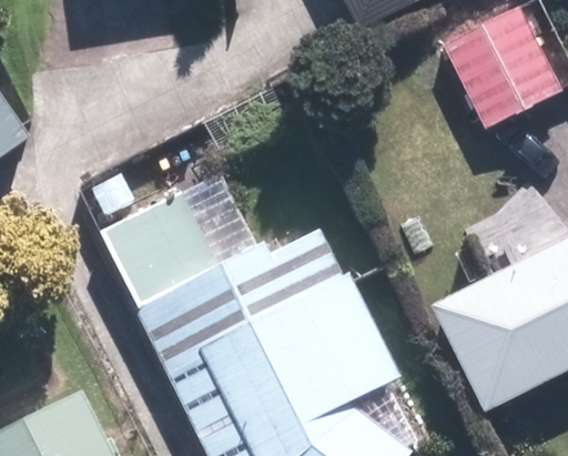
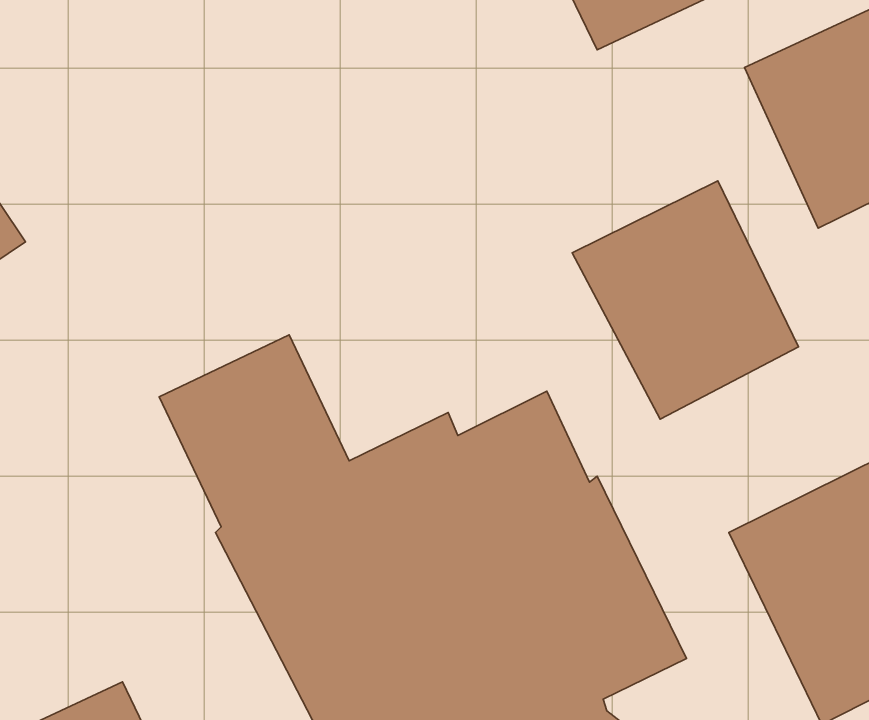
building: none -> [572,181,798,419]

